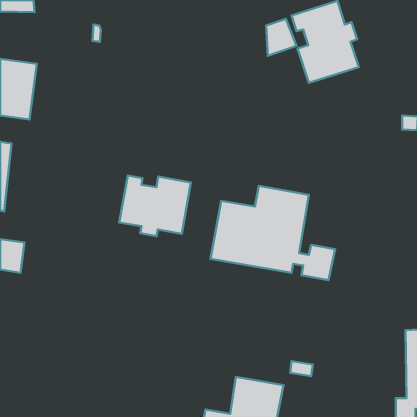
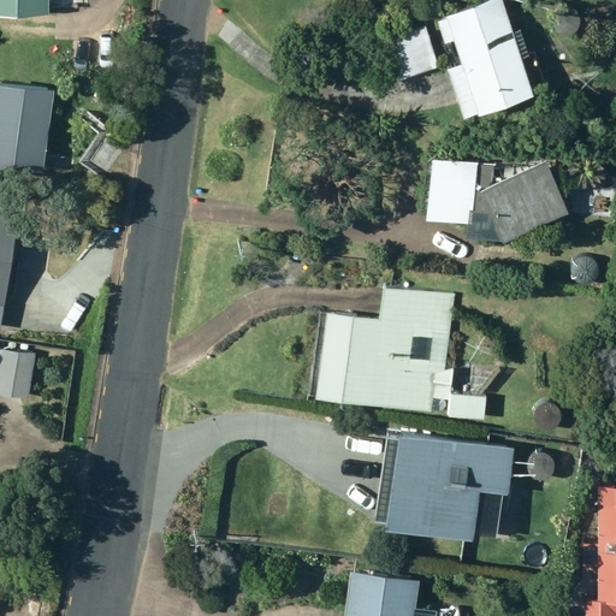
building: none -> [420,166,565,250]
building: [119,175,191,236] -> none
building: none -> [374,408,513,522]

